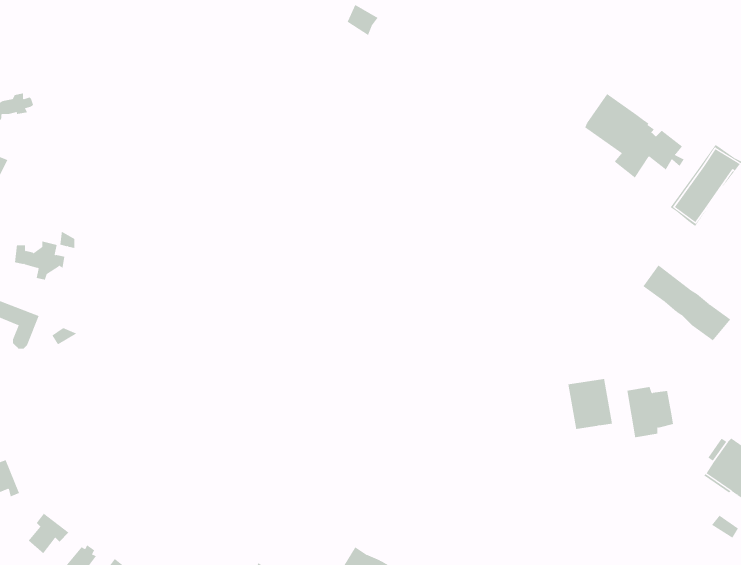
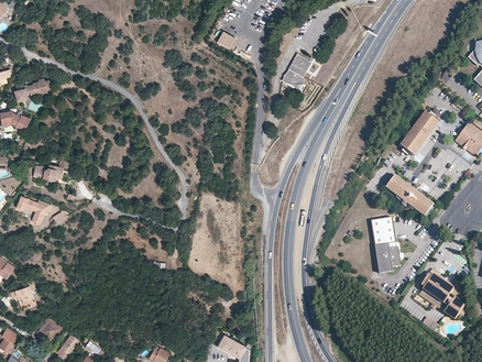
building: none -> [283,52,313,86]
building: [585,93,684,179] -> none
building: [568,378,613,430] -> [371,218,396,246]

